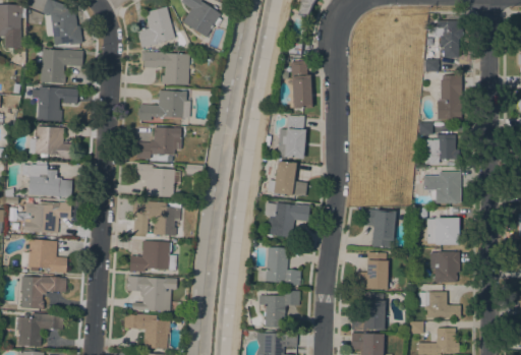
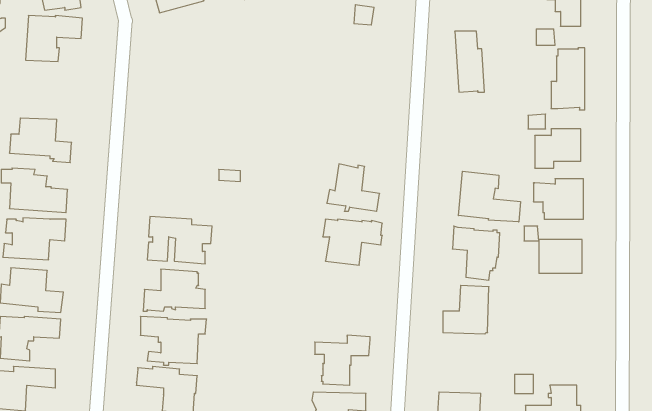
building: [141,51,189,84] -> none
building: [290,62,312,108] -> [455,31,484,92]
building: [32,86,77,121] -> none
building: [139,90,190,121] -> none
building: [278,116,306,159] -> none
building: [136,126,181,159] -> none
building: [136,163,181,197] -> none
building: none -> [458,171,520,222]
building: [257,247,301,285] -> none
building: [430,251,461,282] -> none
building: [425,291,460,318] -> none
building: [352,293,387,331] -> none

